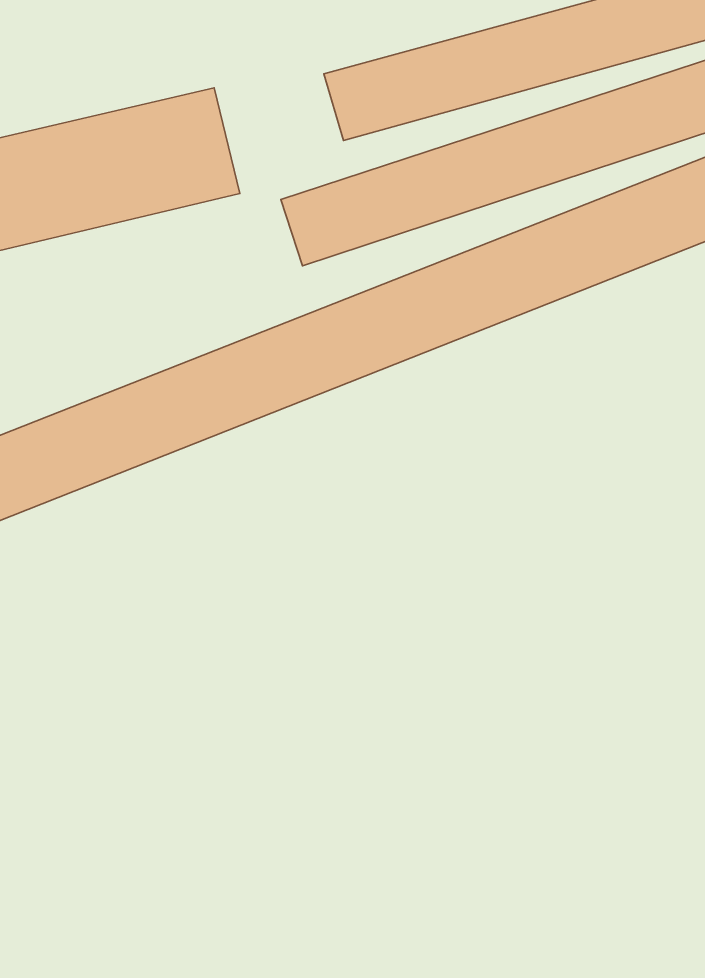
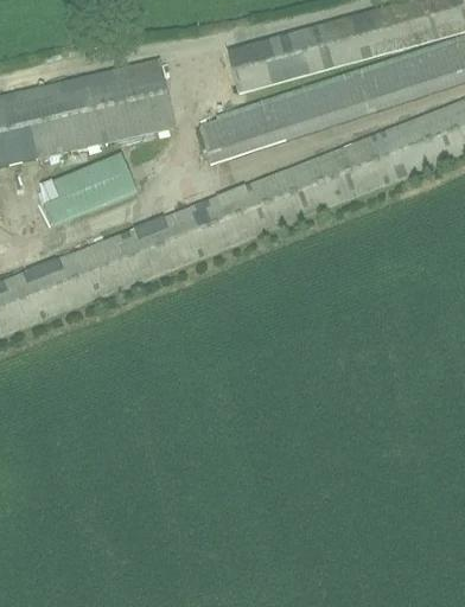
building: none -> [44,153,135,226]

